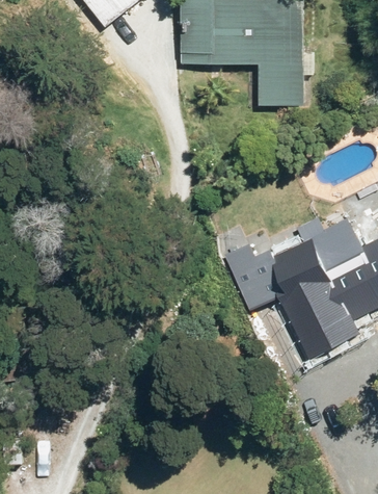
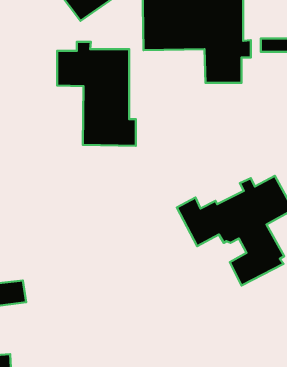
building: none -> [57,42,136,146]

